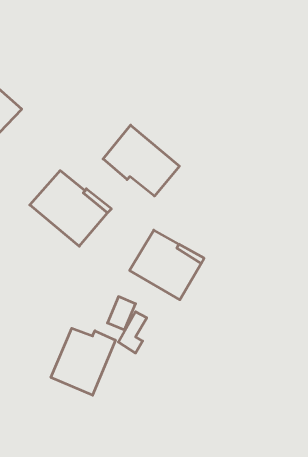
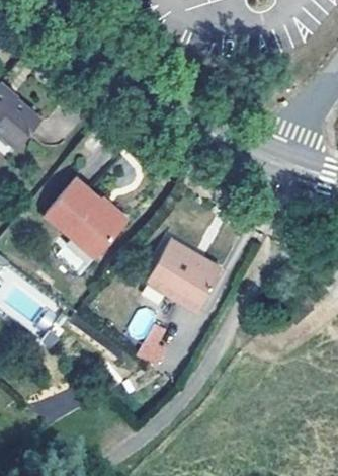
building: [103,125,179,196] -> none
building: [51,328,115,395] -> none

